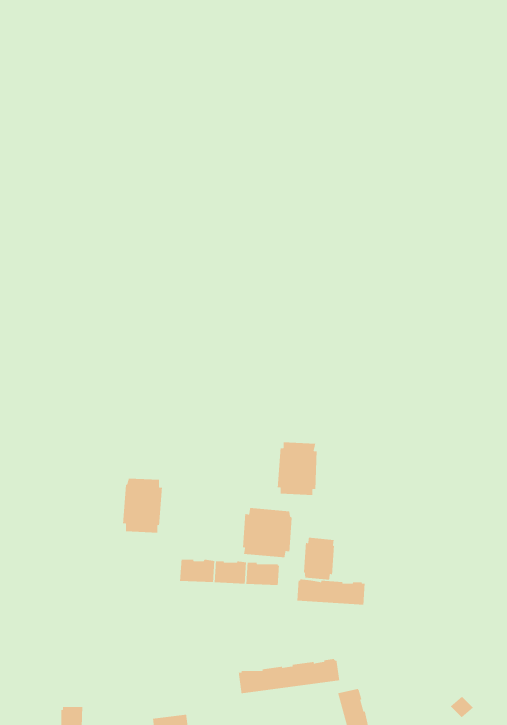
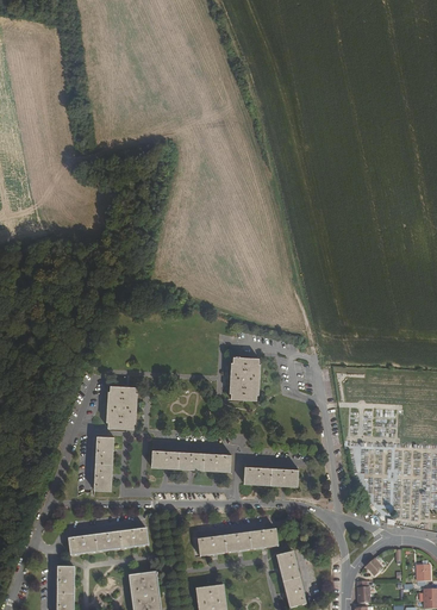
building: [242,507,292,558] -> none
building: [303,537,335,581] -> none
building: none -> [92,435,113,491]
building: none -> [68,528,148,555]

